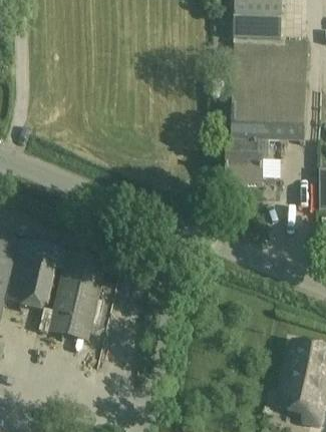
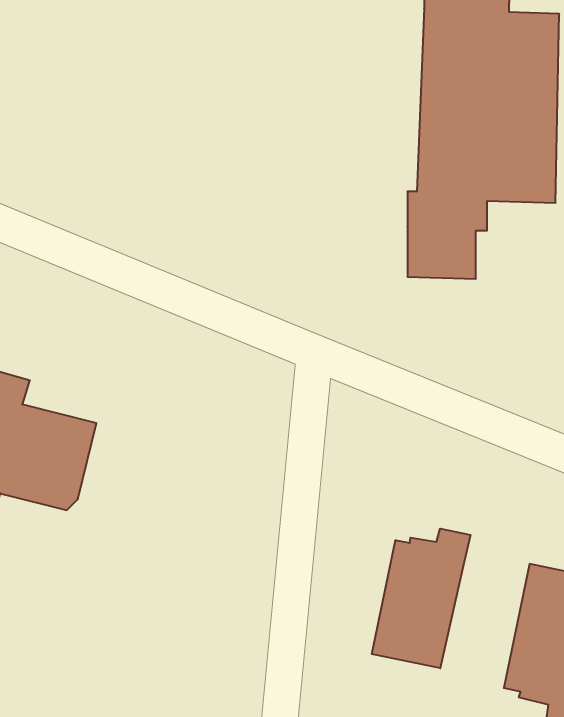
building: [37,250,107,342] -> none
building: none -> [372,529,470,668]

